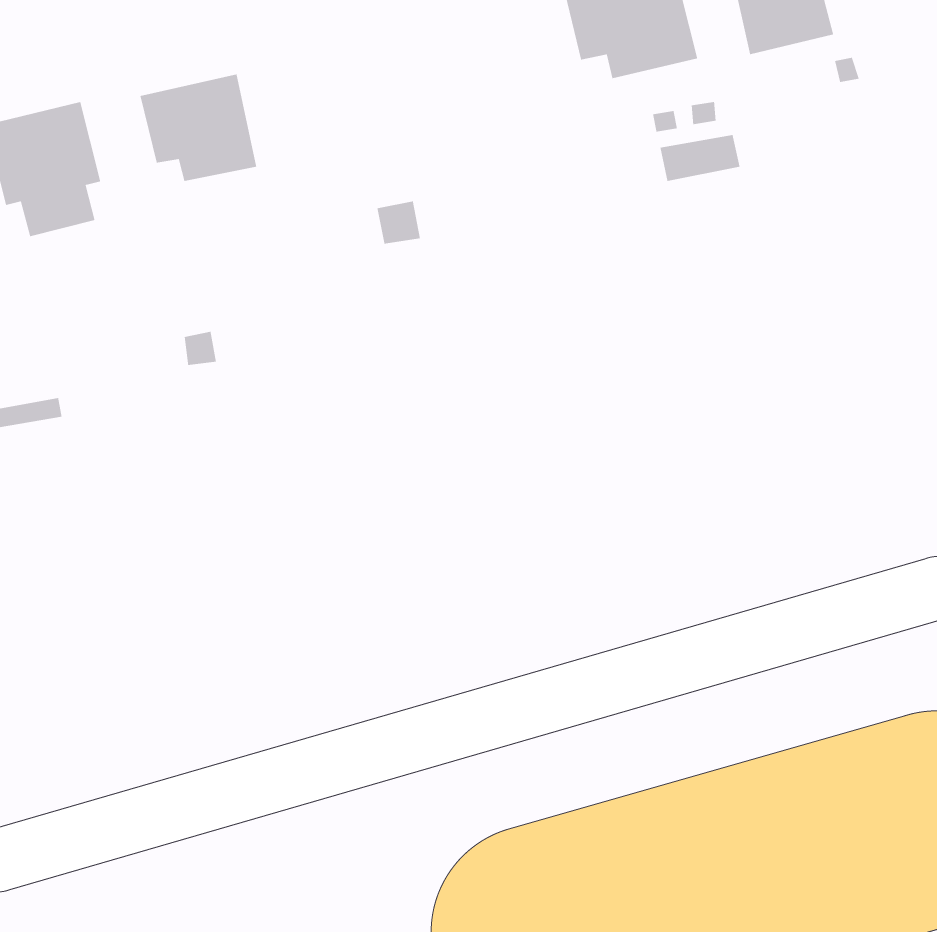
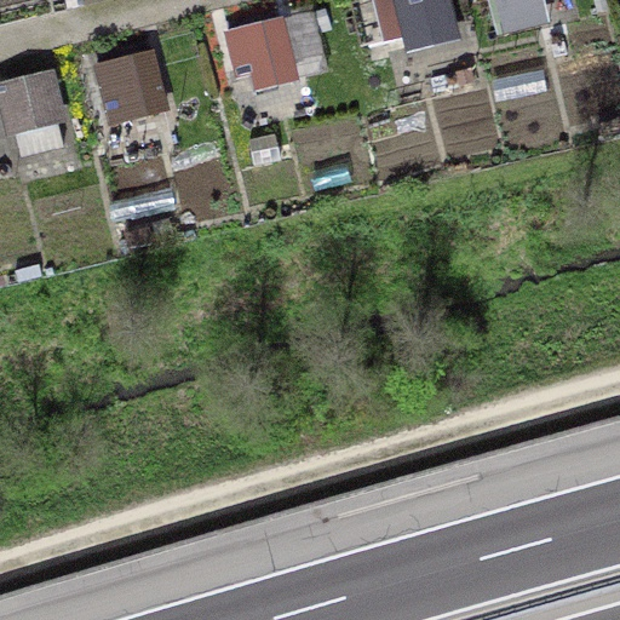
building: none -> [222,10,327,91]

